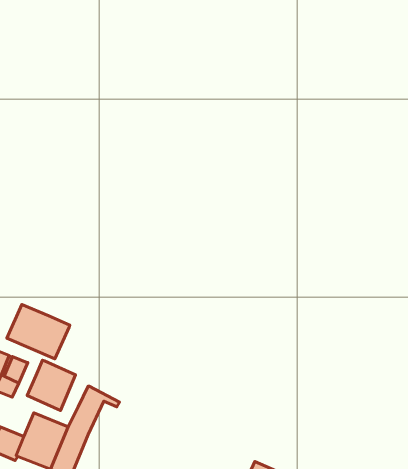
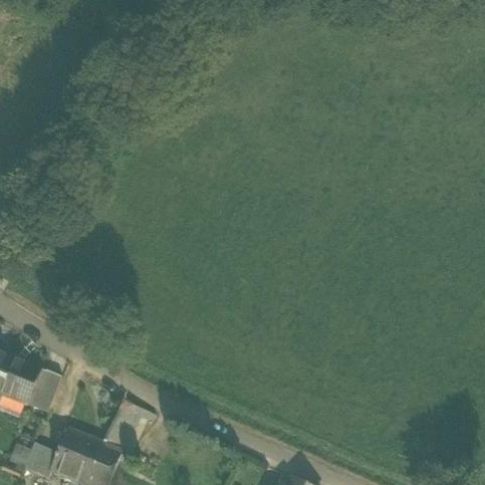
building: [7,304,70,359] -> none
building: [27,360,76,410] -> none

